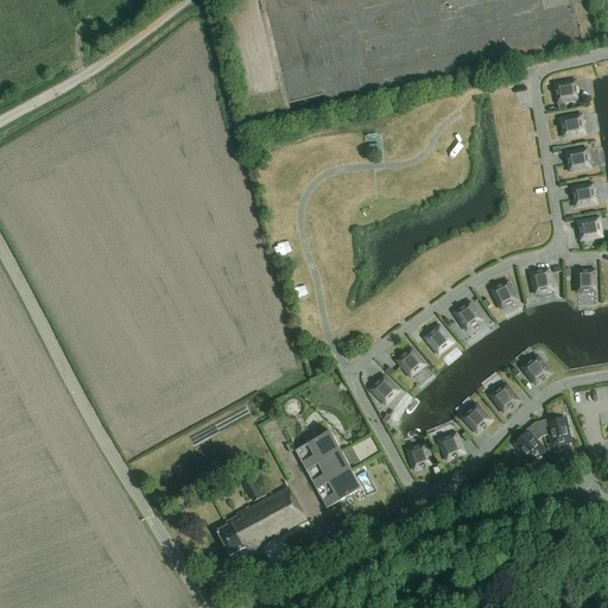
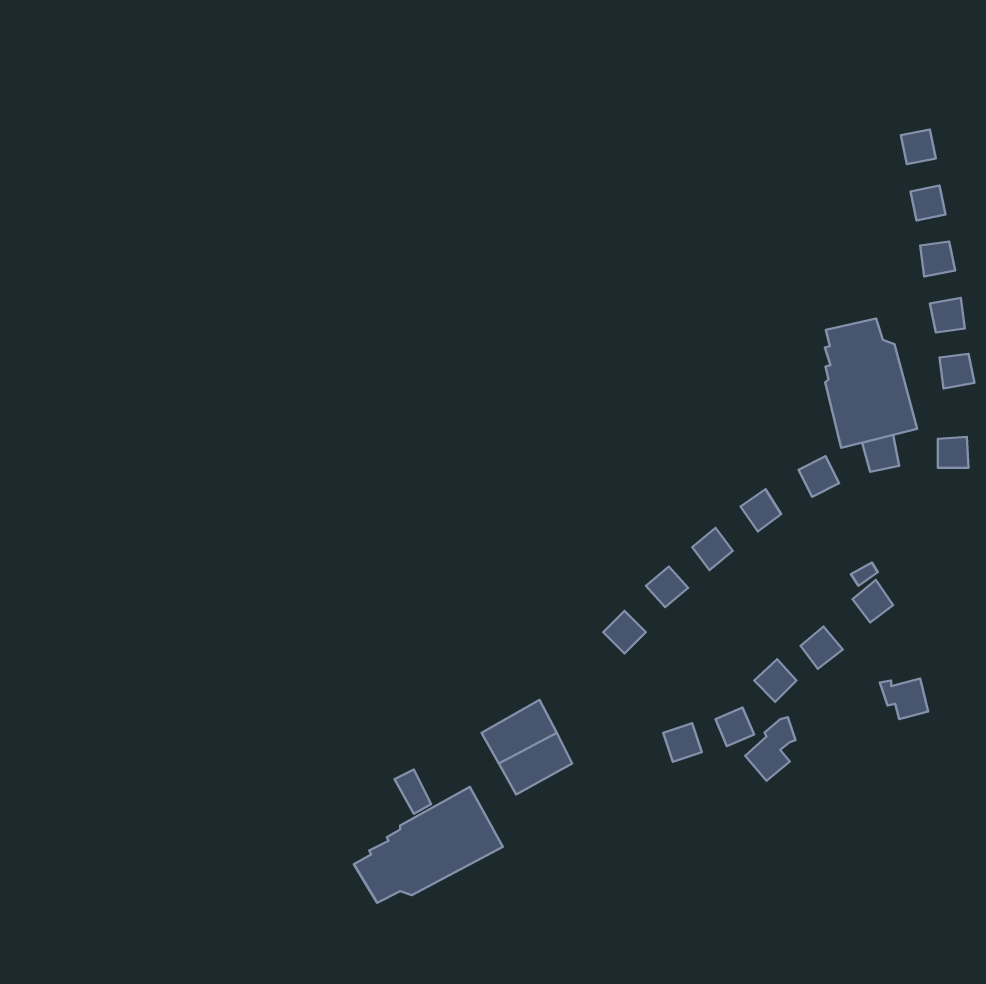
building: none -> [825,319,917,448]
building: [514,419,545,458] -> [745,717,796,781]
building: [317,469,362,507] -> none

